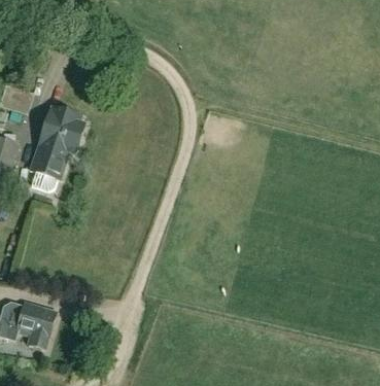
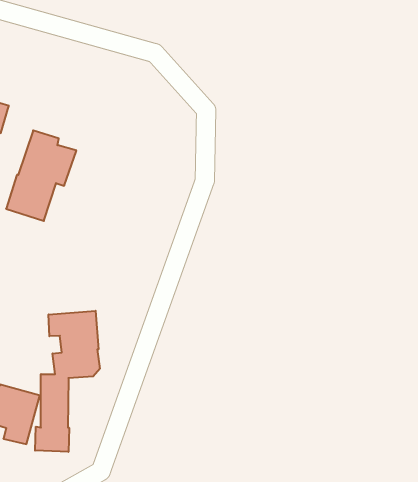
building: none -> [35,311,100,452]

